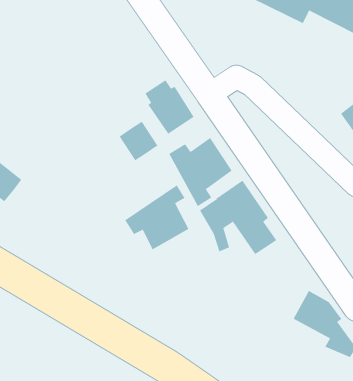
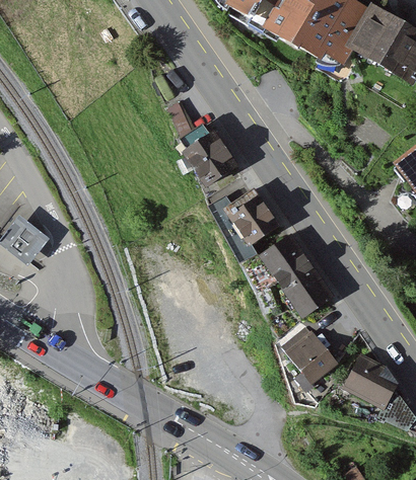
building: [119,121,158,161] -> none
building: [125,185,189,250] -> none
building: none -> [281,328,336,385]

